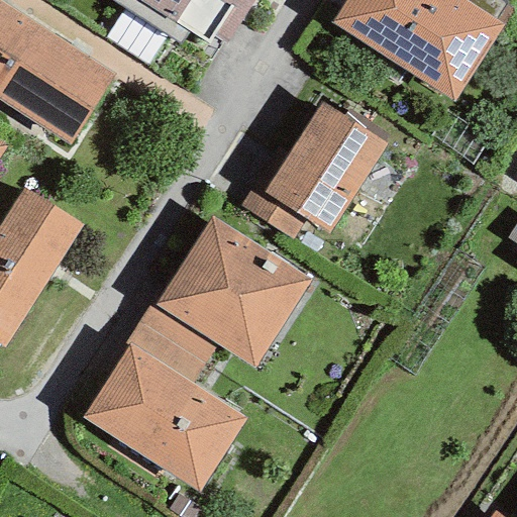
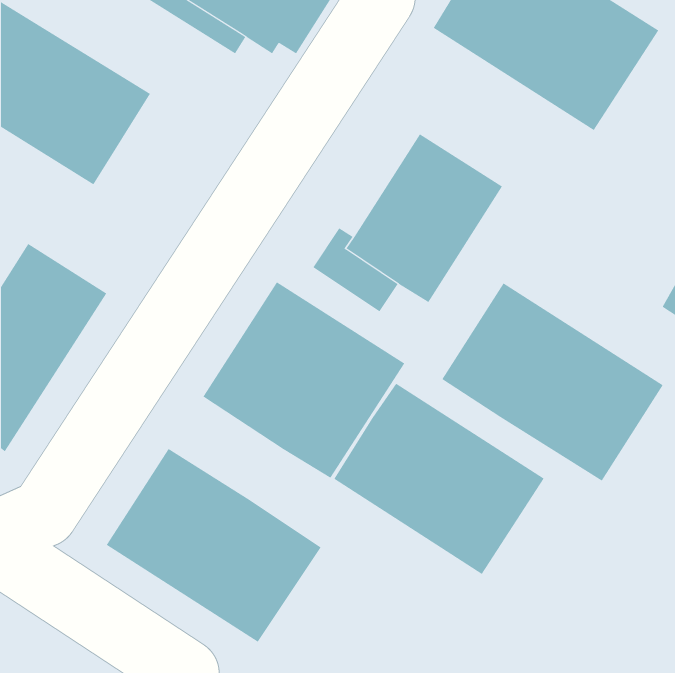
building: none -> [442,282,664,482]
building: none -> [333,383,545,575]
building: [126,300,217,382] -> none

